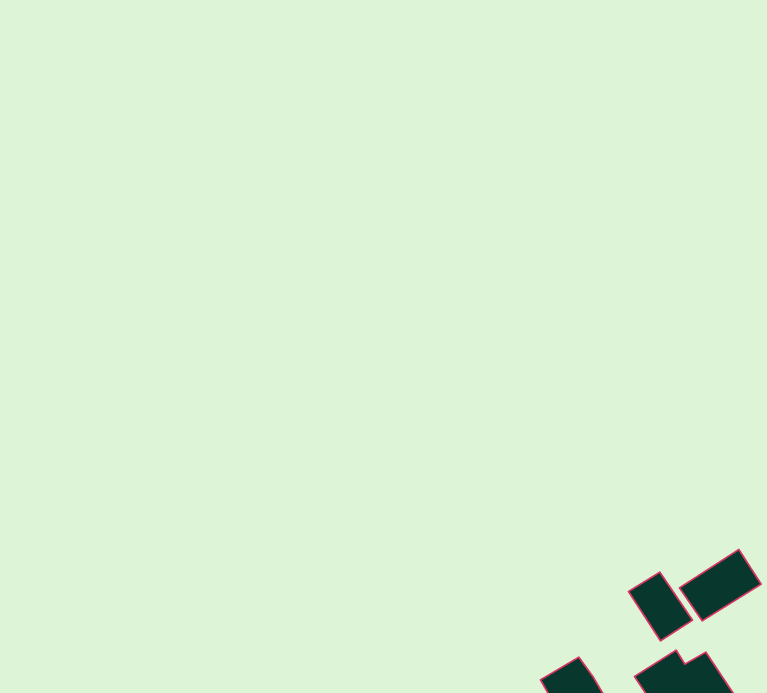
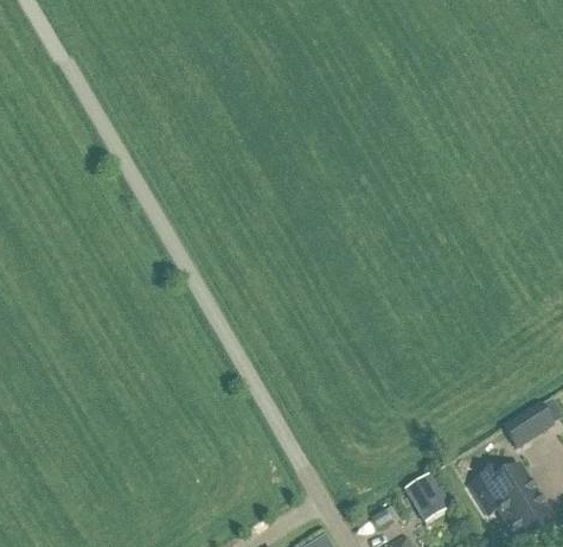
building: [628,572,693,641] -> none

